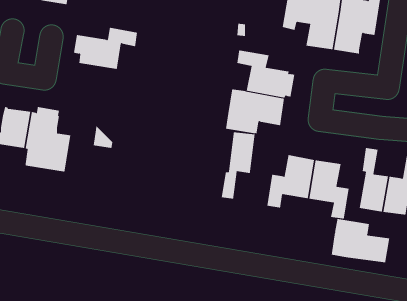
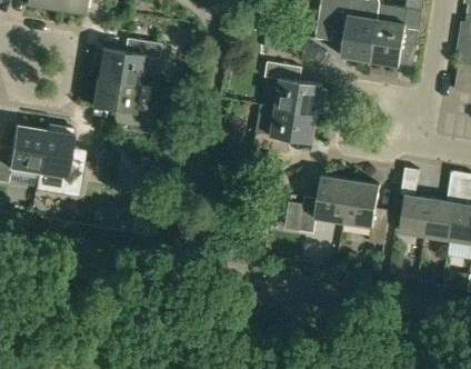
building: none -> [89,77,147,129]
building: [221,131,255,199] -> none
building: [331,218,390,263] -> none

